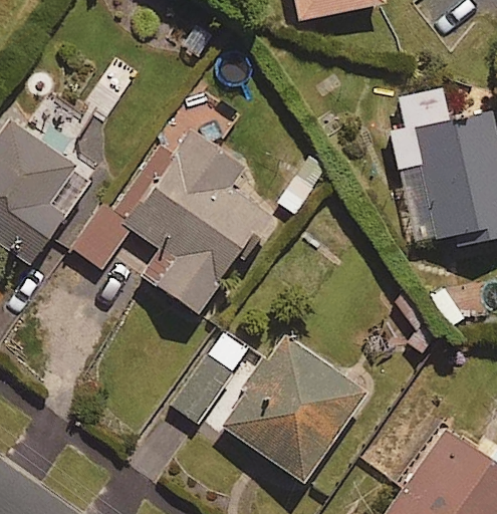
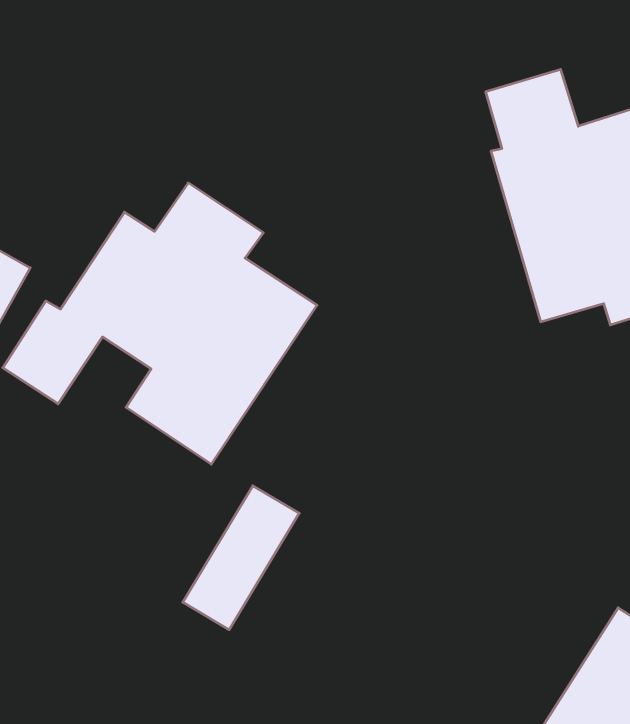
building: [221,335,367,483] -> none

